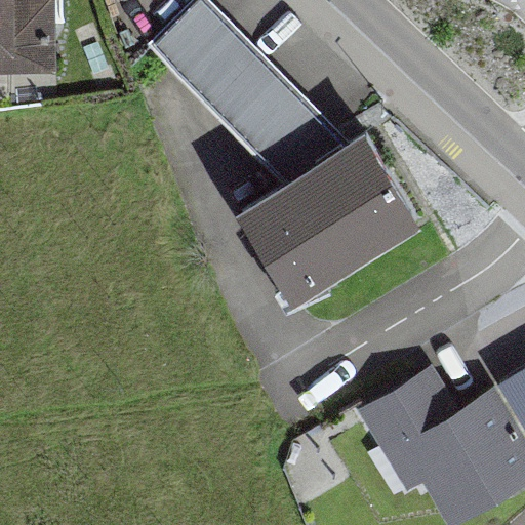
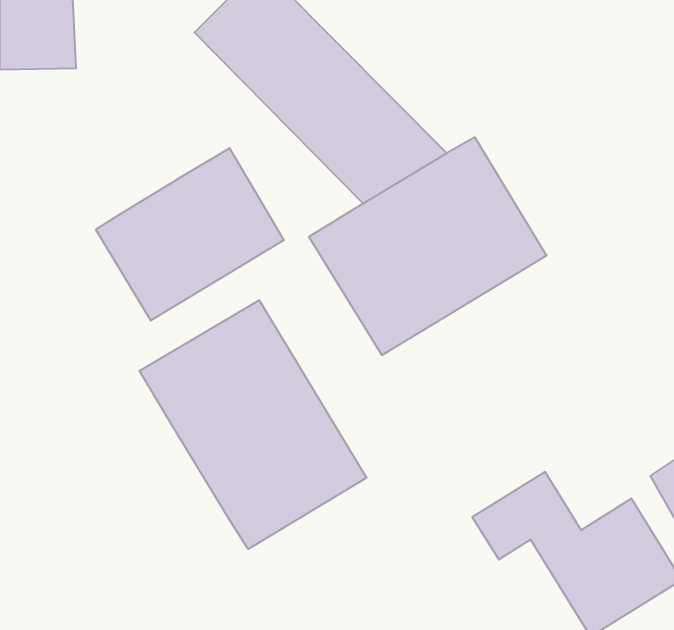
building: none -> [96,148,284,321]
building: none -> [139,300,367,549]

